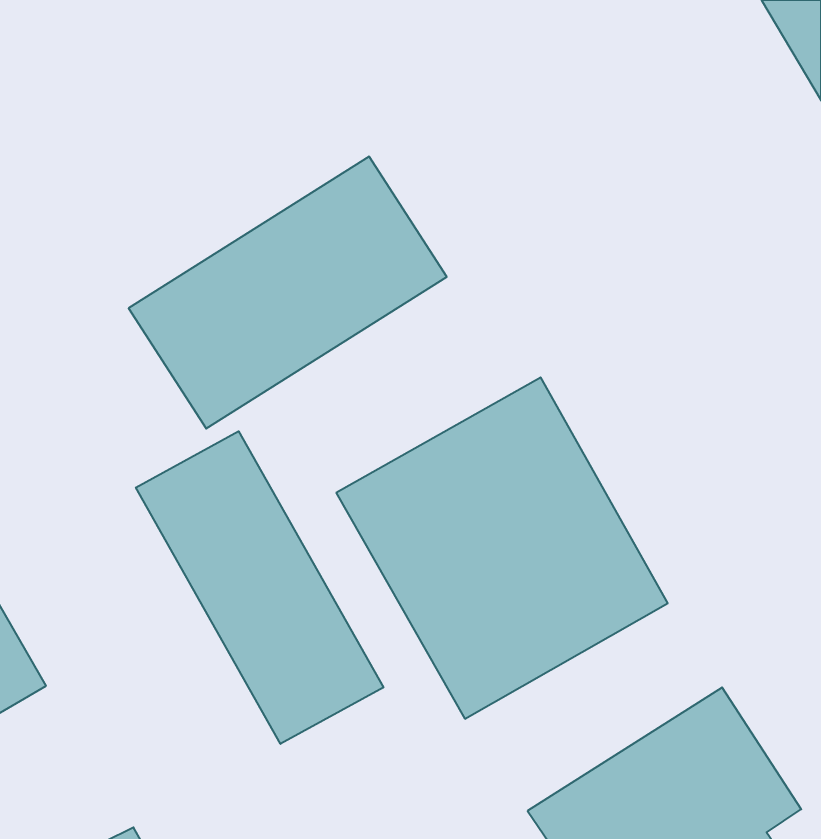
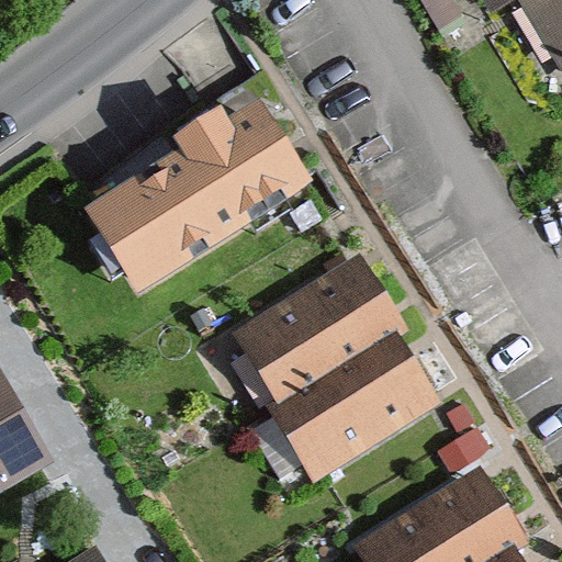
building: [136,431,383,744] -> none

